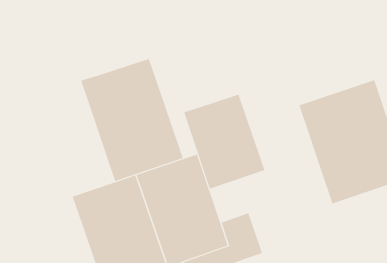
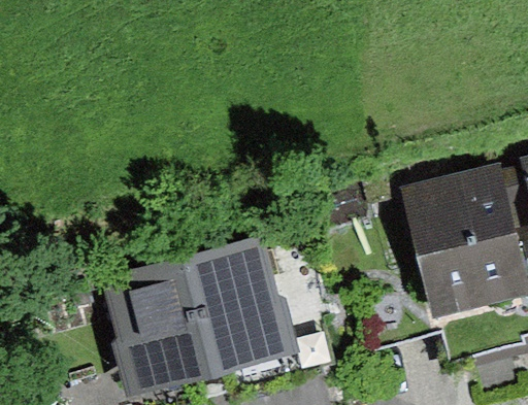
building: [81,58,183,182] -> none
building: [184,94,265,189] -> none

